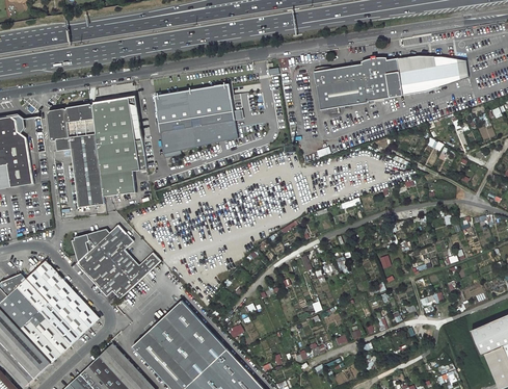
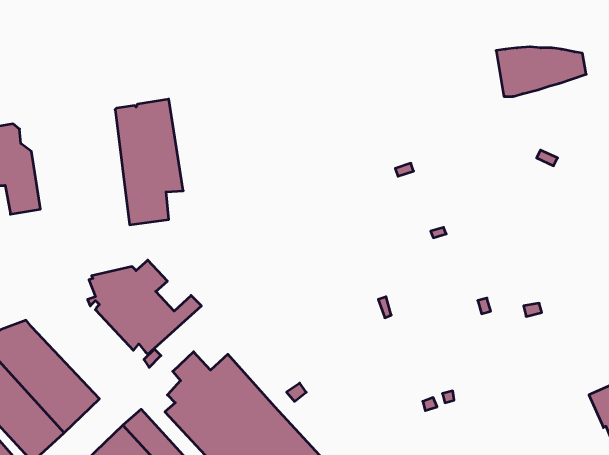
building: [311,57,400,110] -> none
building: [154,83,237,152] -> none
building: [47,104,103,207] -> none
building: [25,260,98,335] -> none

